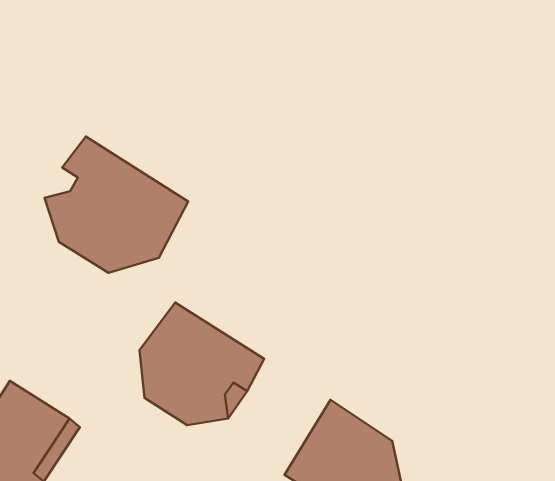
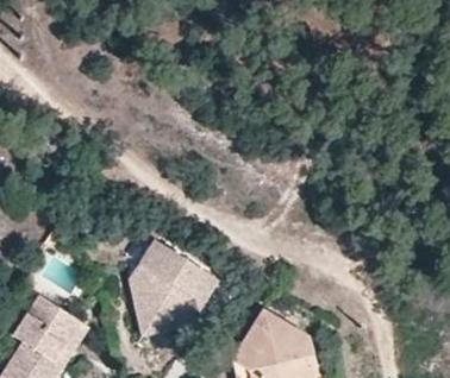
building: [45,136,188,273] -> none

